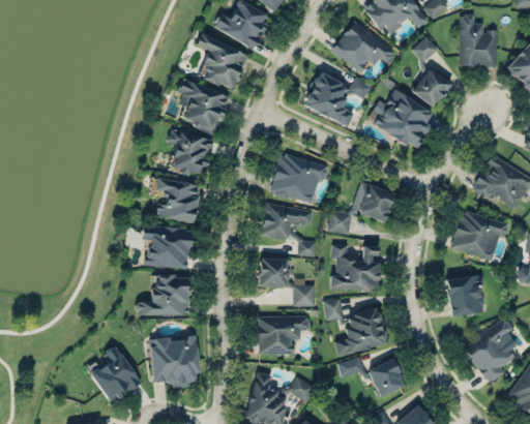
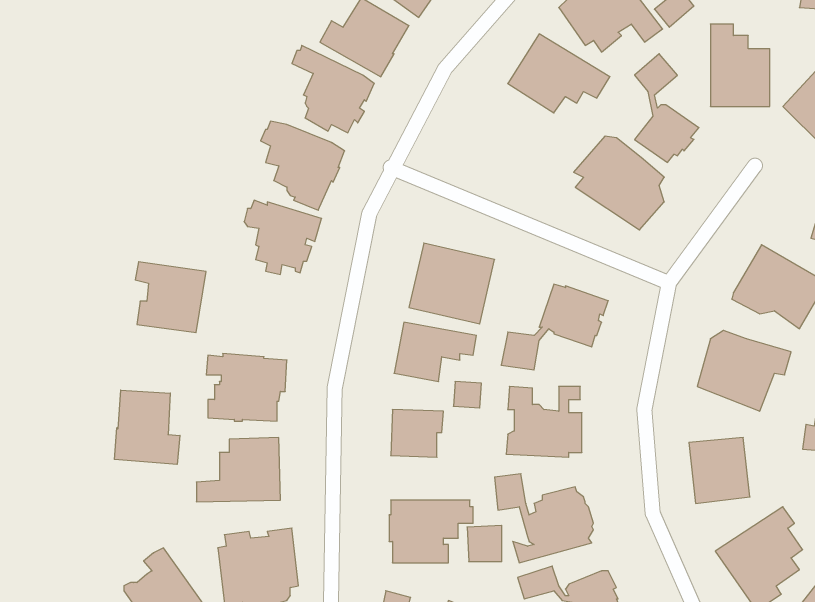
building: [305,69,372,125] -> none
building: [155,180,200,224] -> [135,262,206,333]
building: none -> [114,390,180,464]
building: [293,285,315,308] -> [467,525,502,562]

